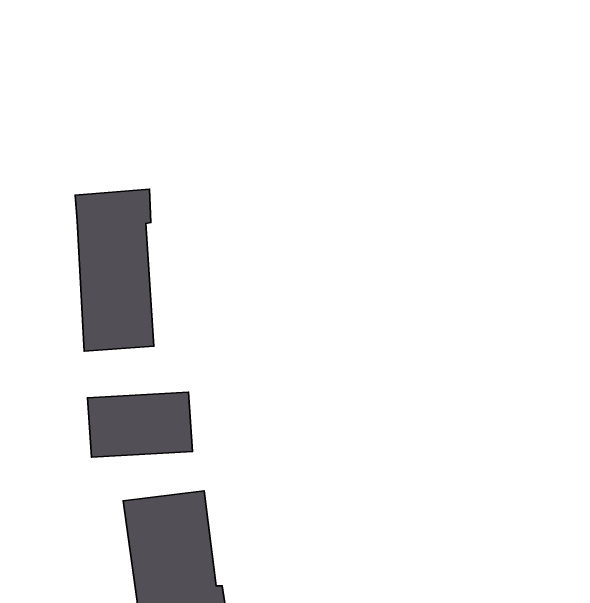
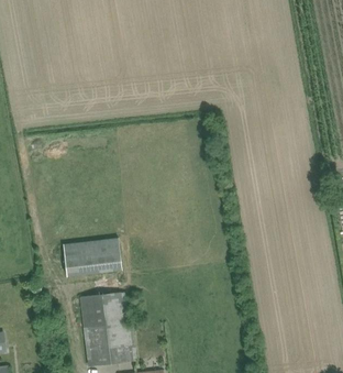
building: [75,189,154,351] -> none

